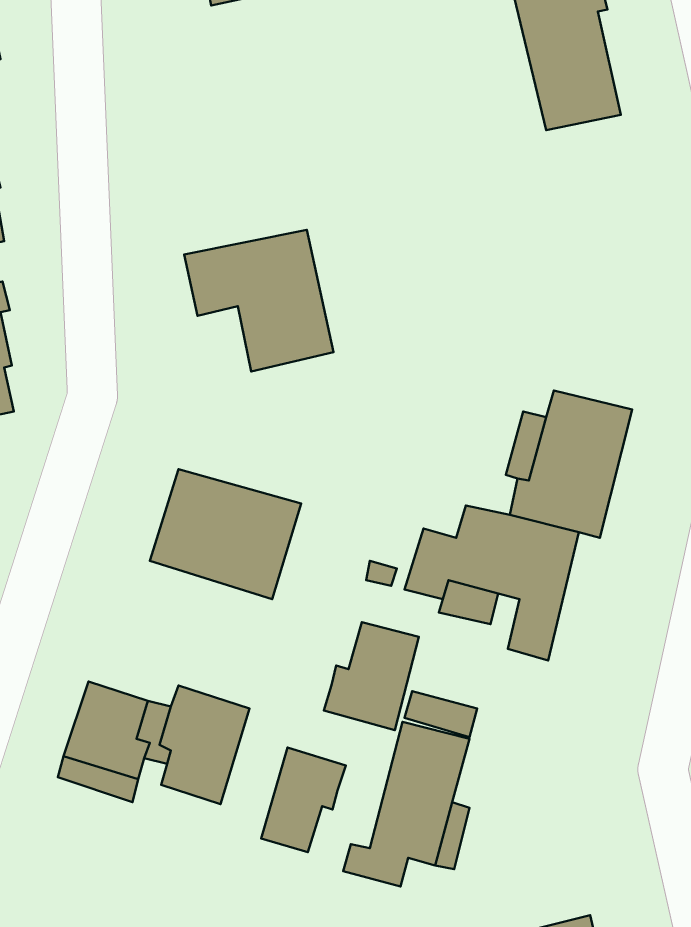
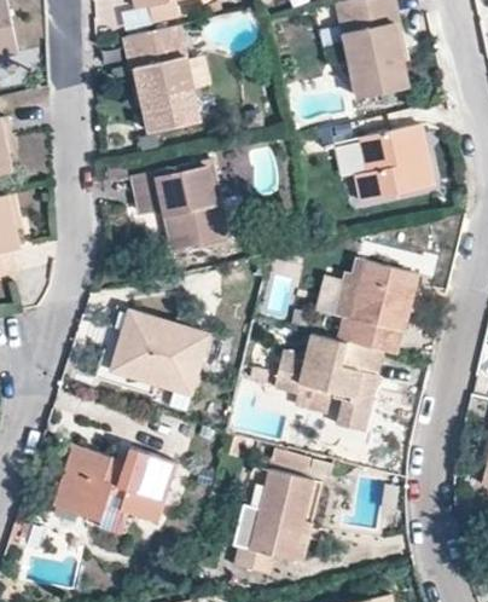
building: none -> [121,25,196,132]
building: none -> [356,122,432,198]
building: [324,622,419,730] -> none
building: [261,747,346,852] -> none

